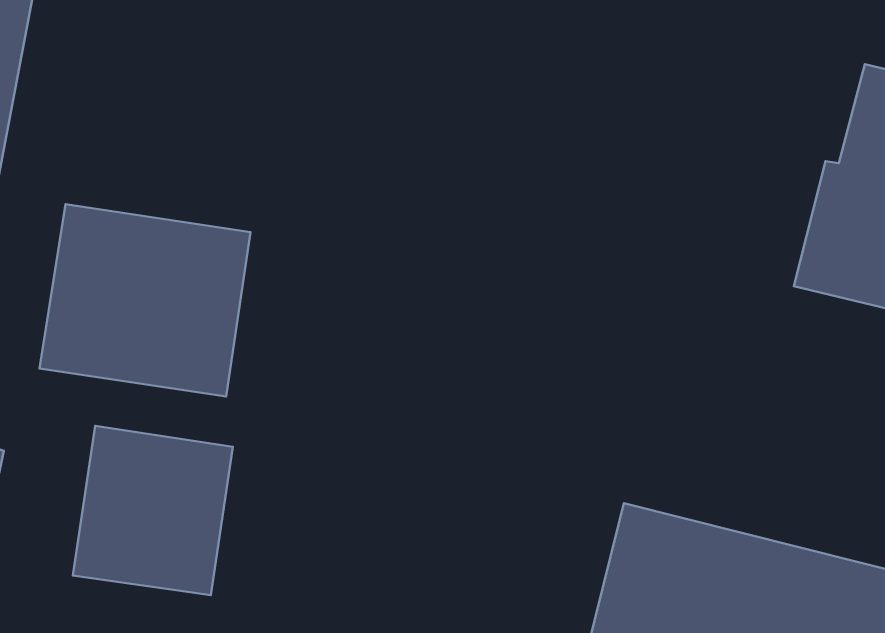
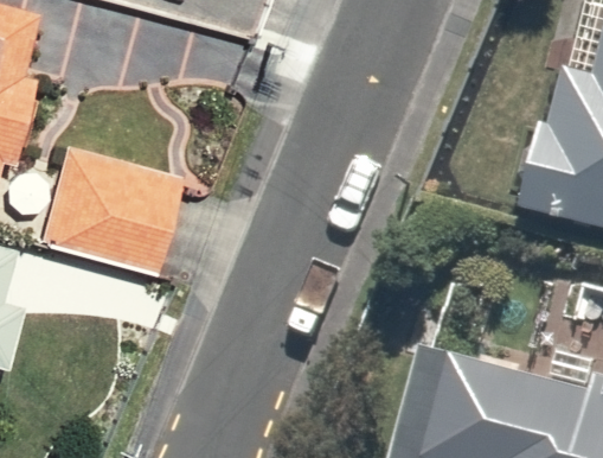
building: [73,426,233,595] -> none

